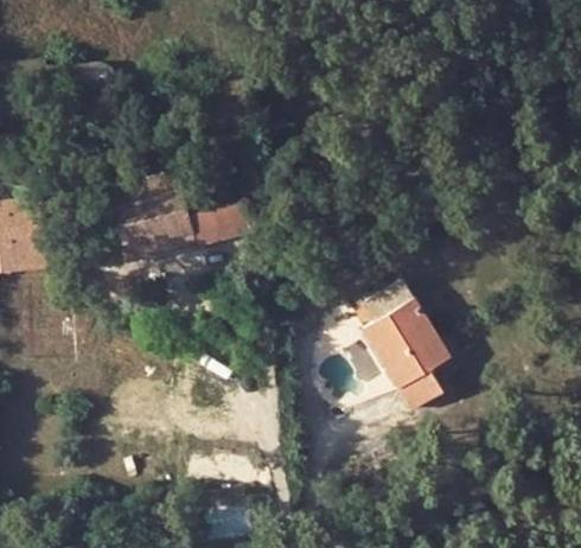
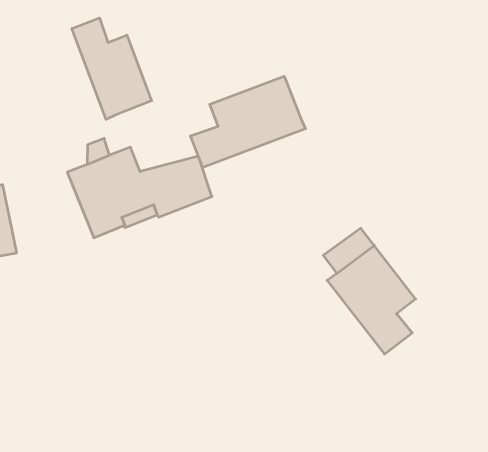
building: none -> [72,18,152,119]
building: none -> [191,76,306,167]

